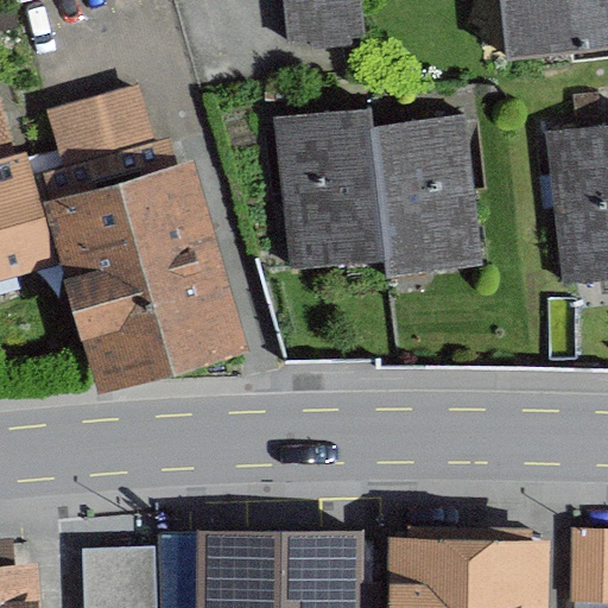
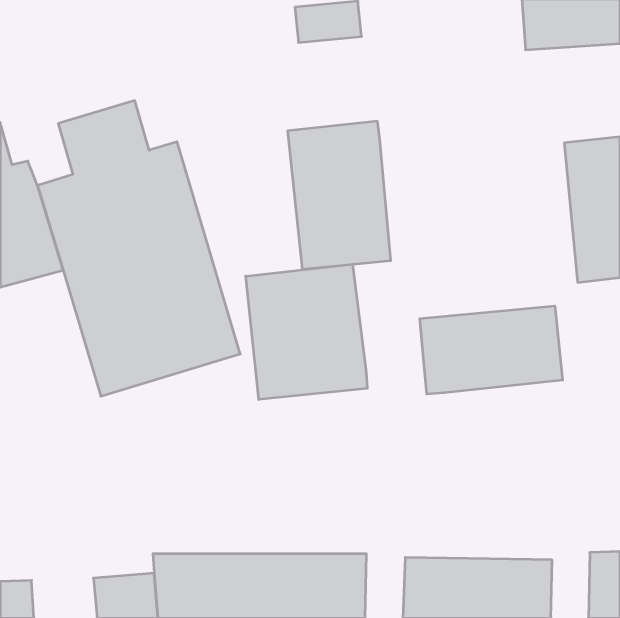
building: [372,128,473,270] -> none
building: none -> [246,264,367,400]
building: none -> [420,306,563,394]

